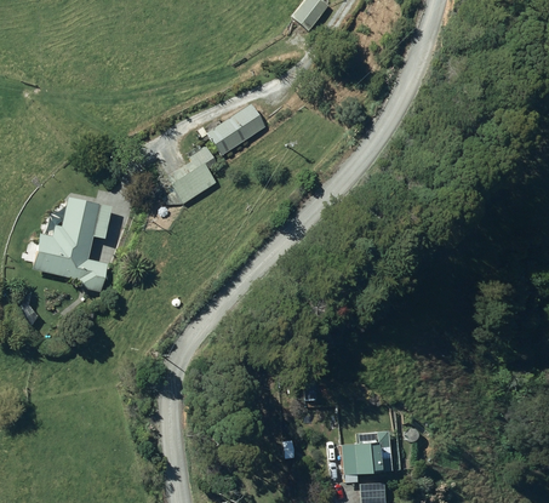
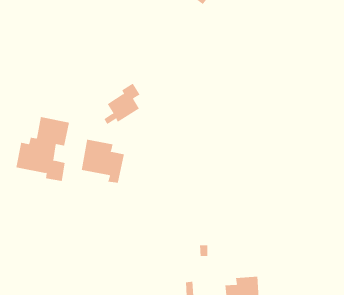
building: [205,103,265,155] -> none
building: none -> [81,139,124,184]

